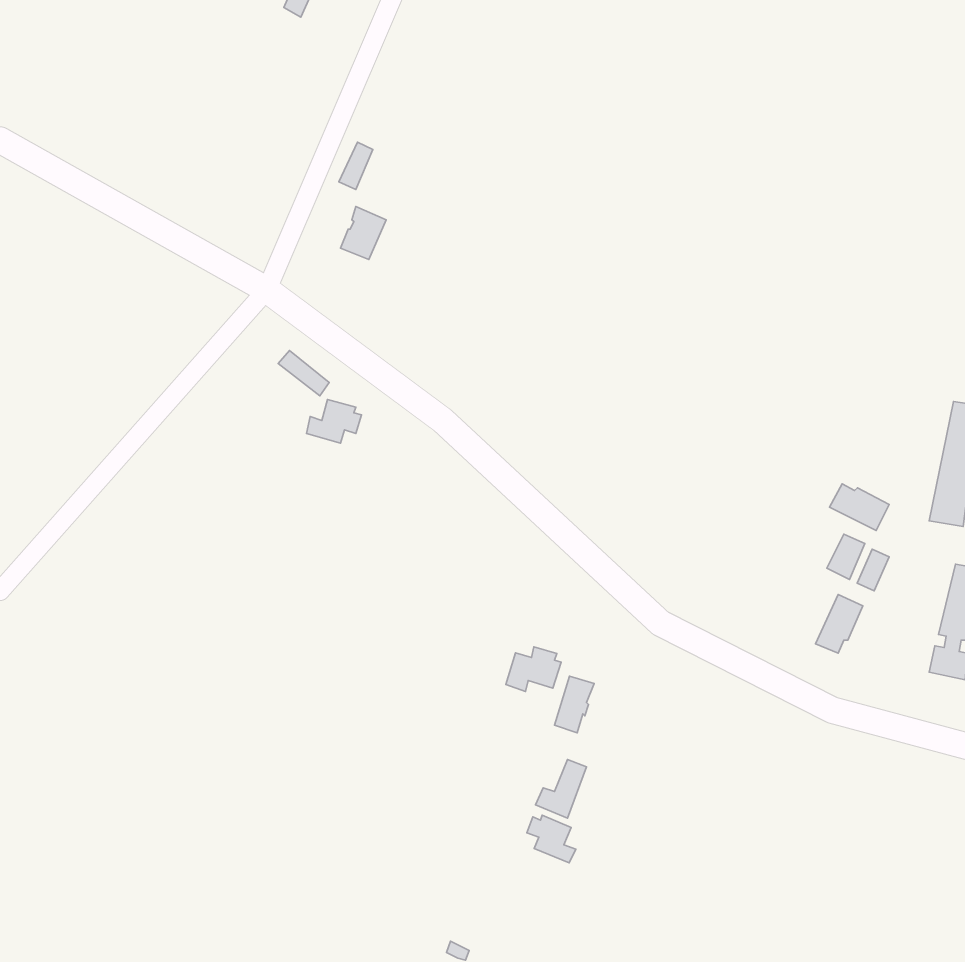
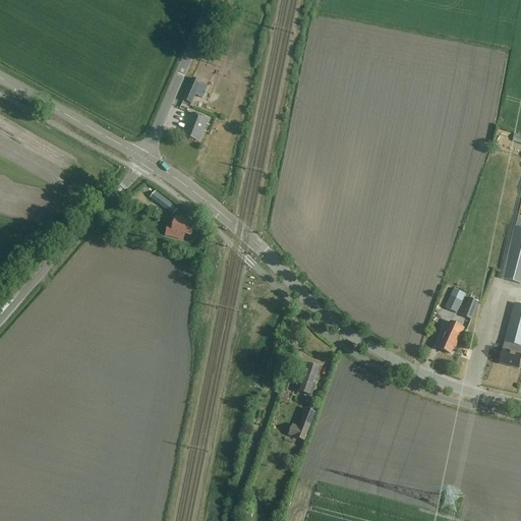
building: [830,484,889,530] -> none
building: [506,647,561,691] -> none
building: [527,815,576,863] -> none

